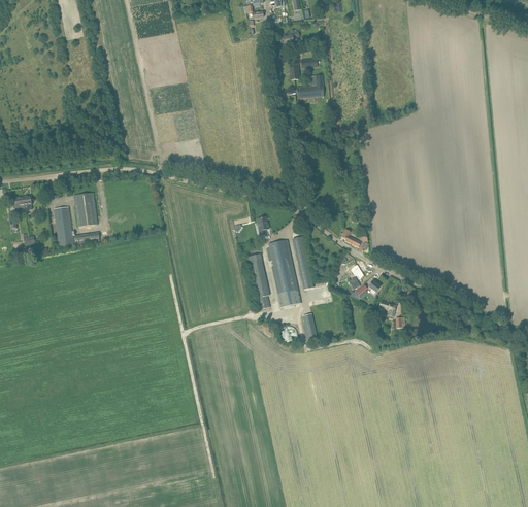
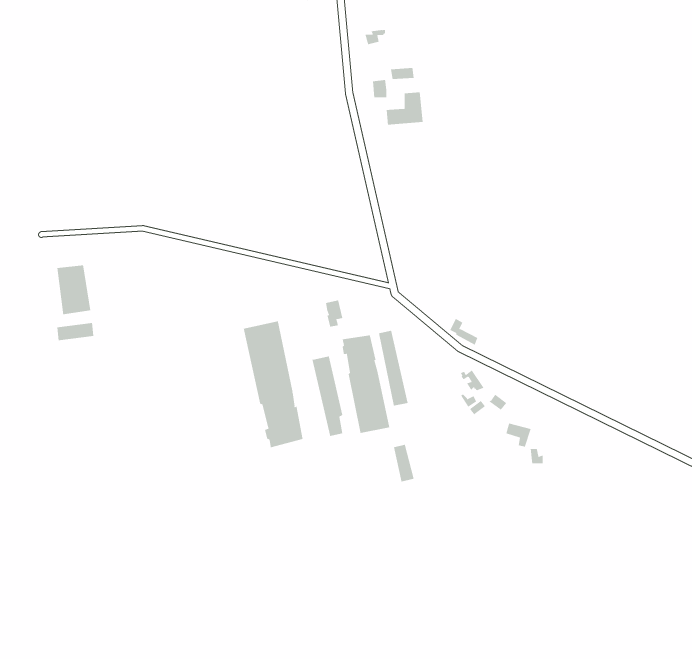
building: [54,206,73,245] -> none
building: none -> [243,320,303,448]

